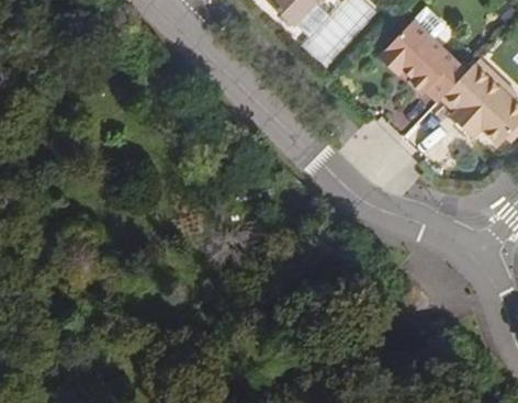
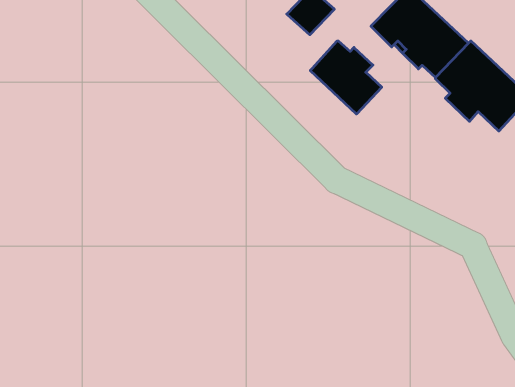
building: none -> [310,41,382,114]

